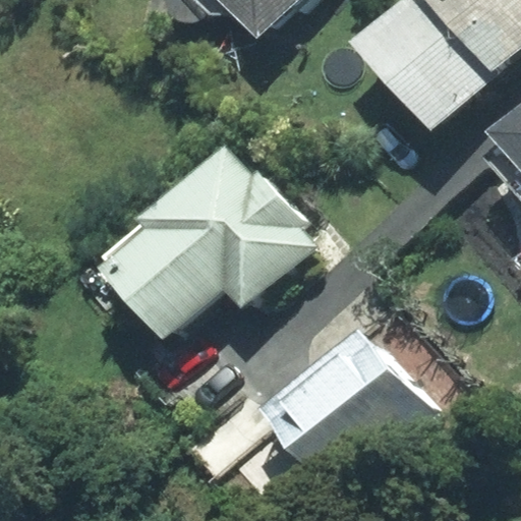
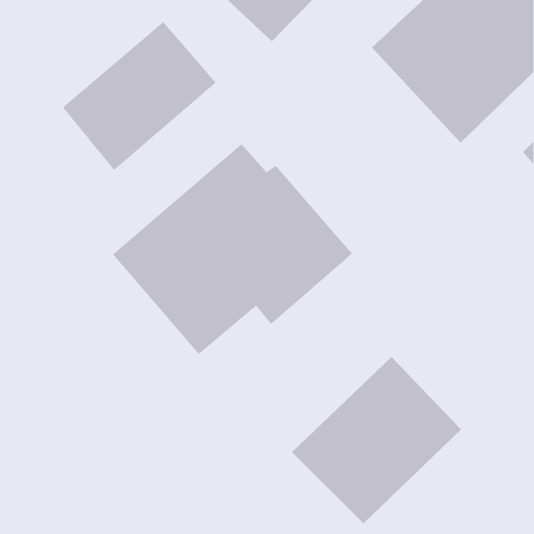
building: none -> [62,21,216,171]

